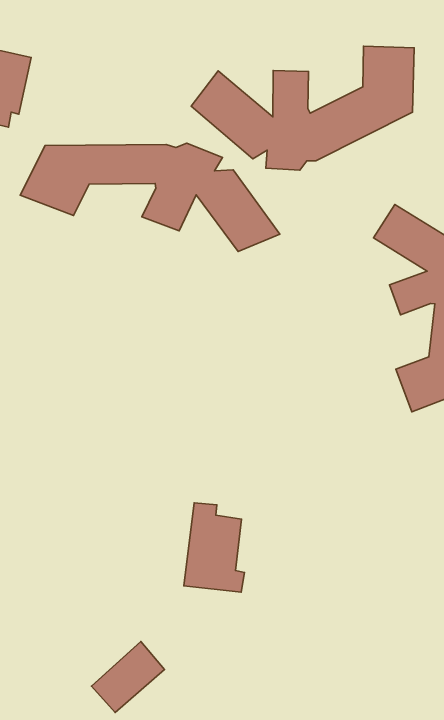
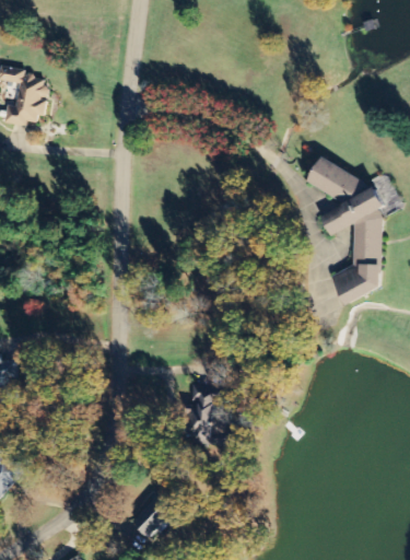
building: [191,46,414,170] -> none
building: [20,143,280,252] -> none

